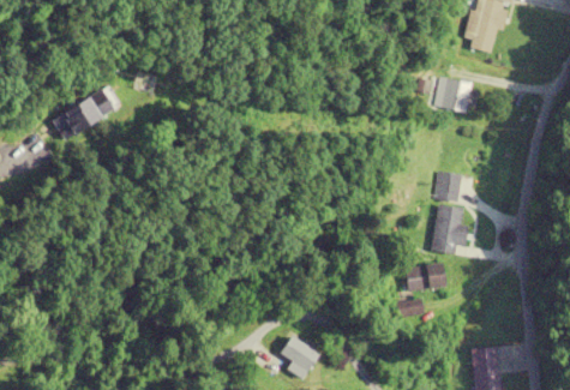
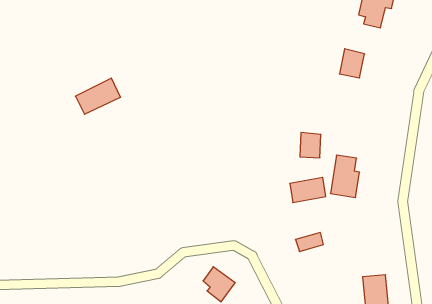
building: [62,90,116,133] -> [75,78,121,114]
building: [436,172,461,202] -> [300,133,321,158]
building: [402,263,445,293] -> [290,177,326,203]

